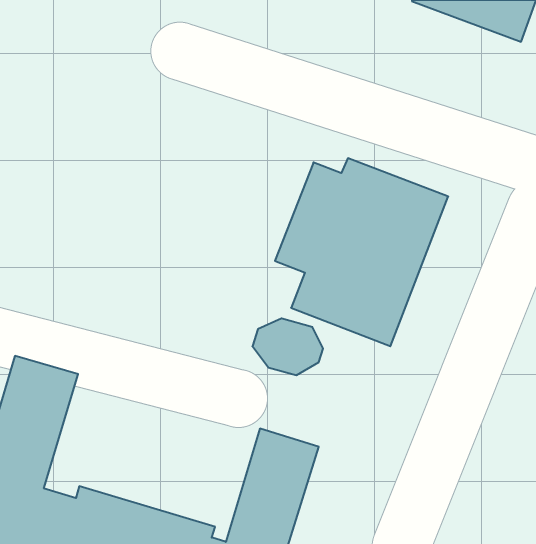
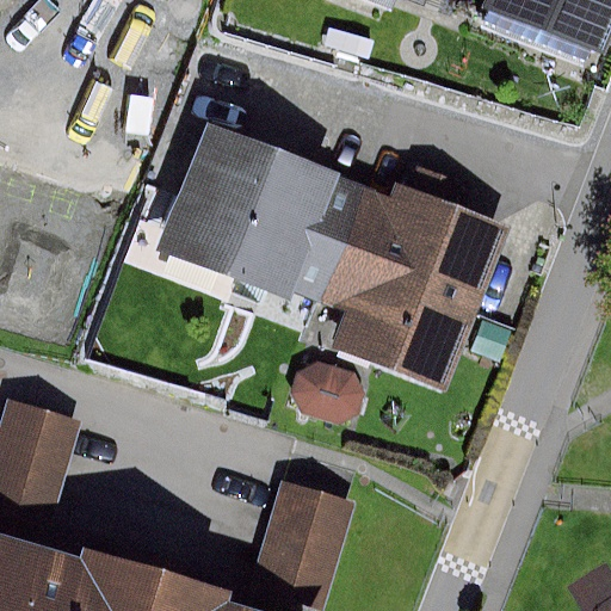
building: none -> [141,122,350,296]

